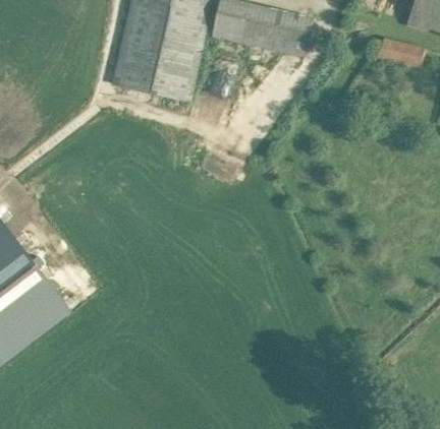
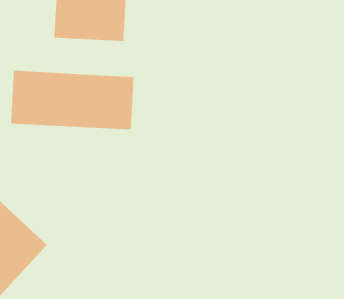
building: none -> [10,70,134,130]

